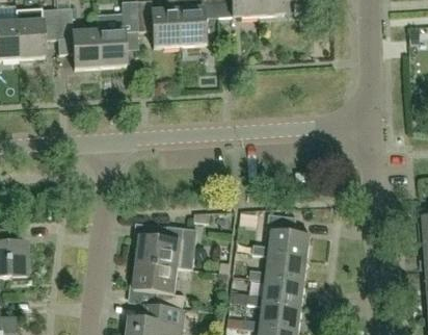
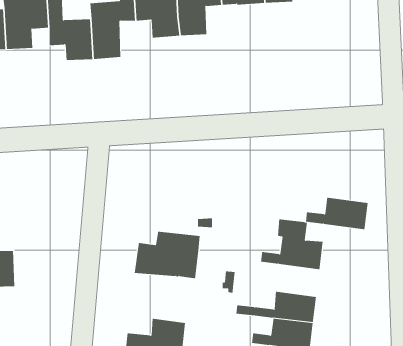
building: [249,255,307,285] -> [305,197,368,230]
building: [134,263,184,308] -> none

